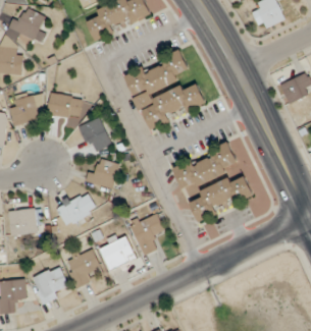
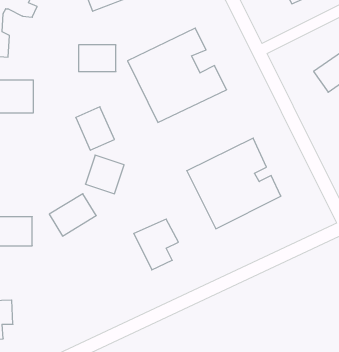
building: [48,95,80,117] -> [79,45,116,72]
building: [99,233,136,271] -> none
building: [64,250,100,287] -> none
building: [32,267,66,305] -> none

